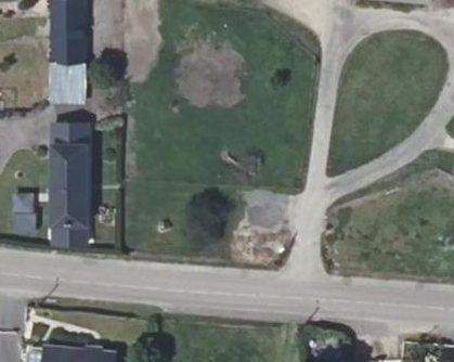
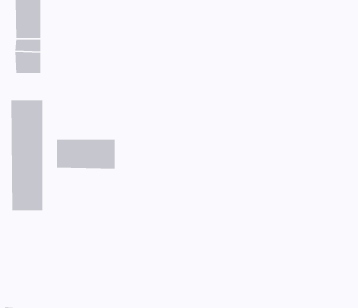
building: none -> [56,139,115,169]

